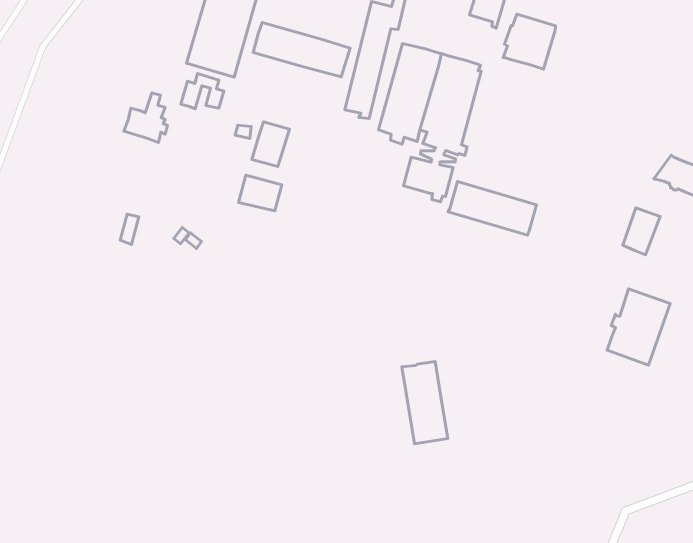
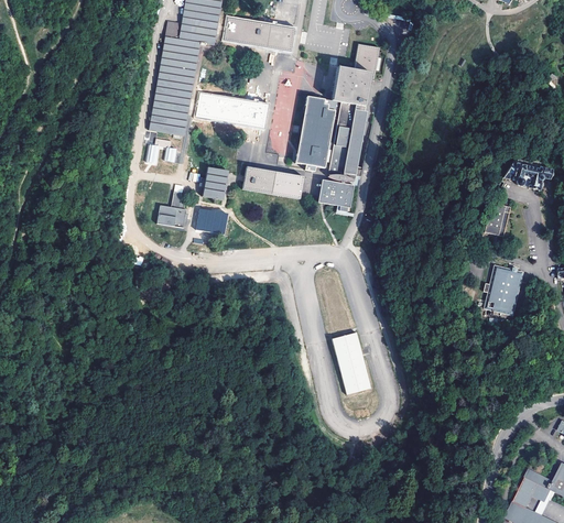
building: [503,14,556,69] -> [335,68,371,107]
building: [124,93,168,142] -> [158,189,189,226]
building: [448,182,537,235] -> [242,166,307,200]

